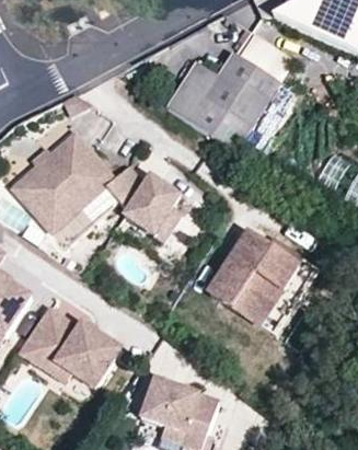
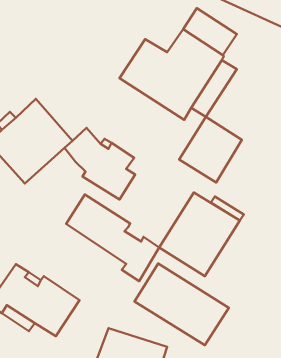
building: none -> [179,117,242,182]
building: none -> [66,194,159,281]
building: none -> [135,264,229,345]

